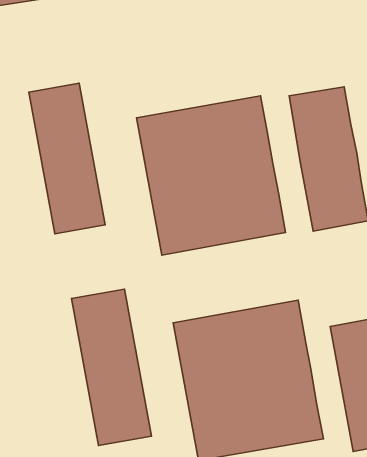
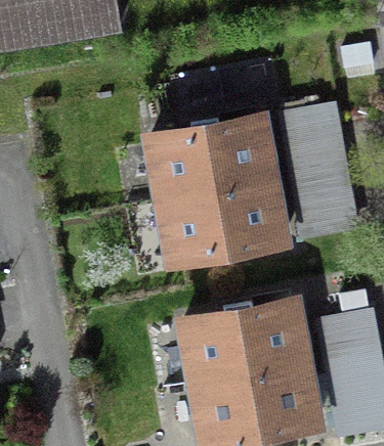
building: [29,83,105,234] -> none
building: [71,289,151,446] -> none

